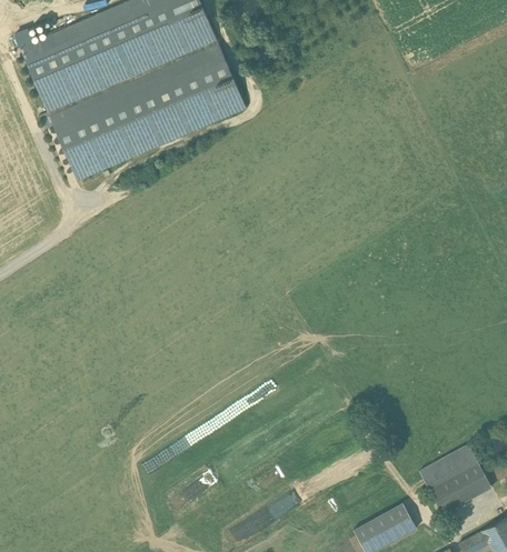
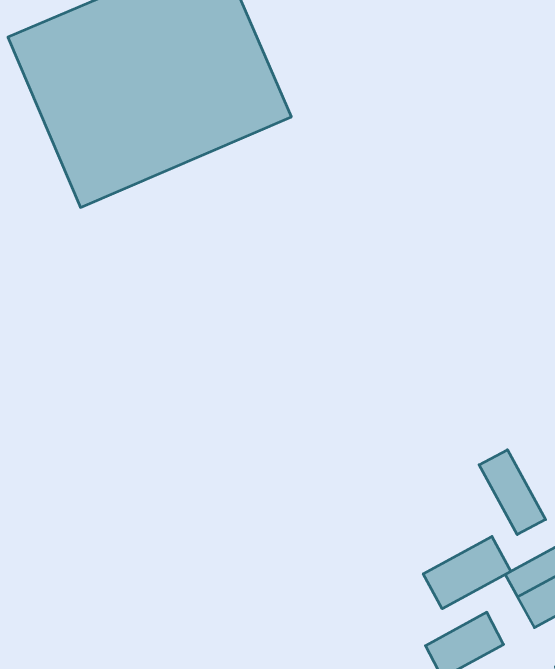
building: none -> [479,450,546,535]
building: none -> [423,536,511,609]

